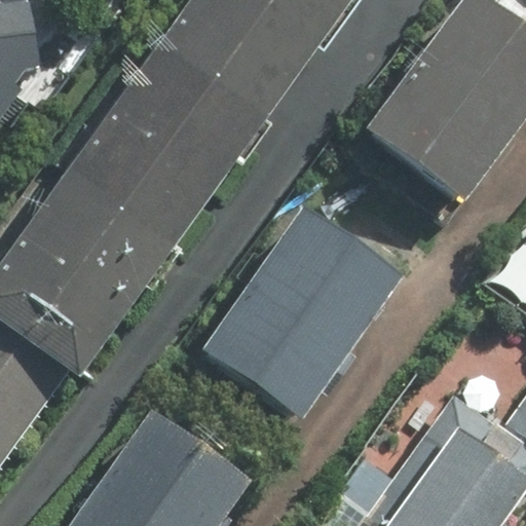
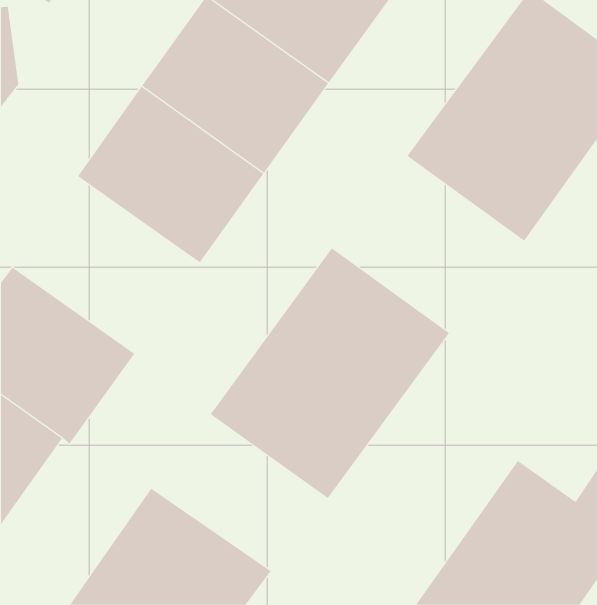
building: [27,150,187,301] -> none

